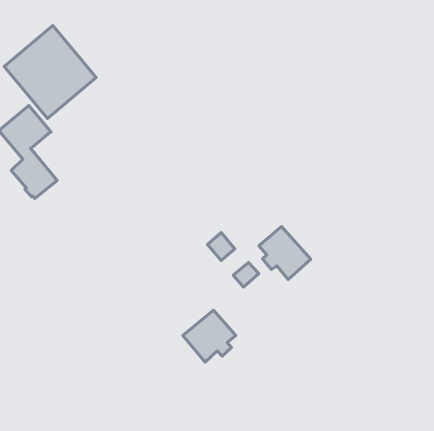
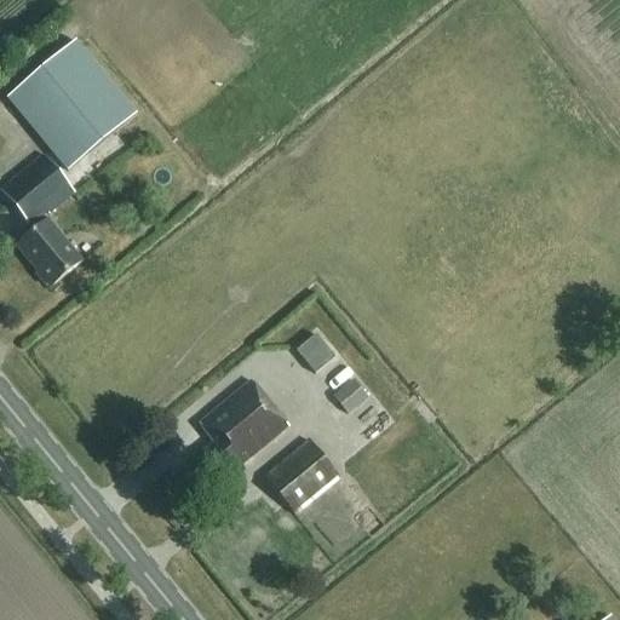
building: [259,226,311,280] -> none
building: none -> [194,378,288,482]

